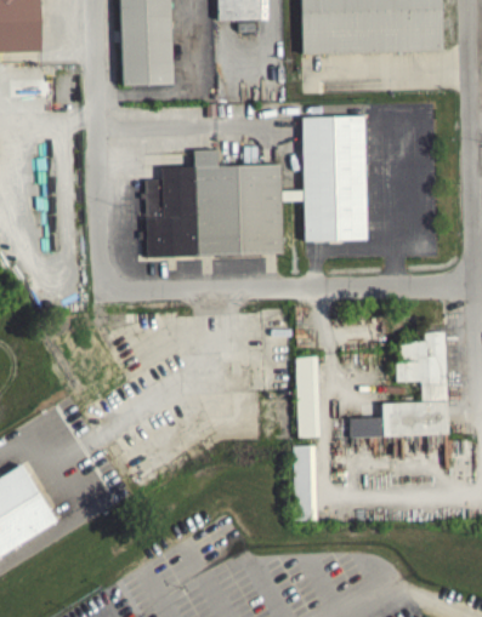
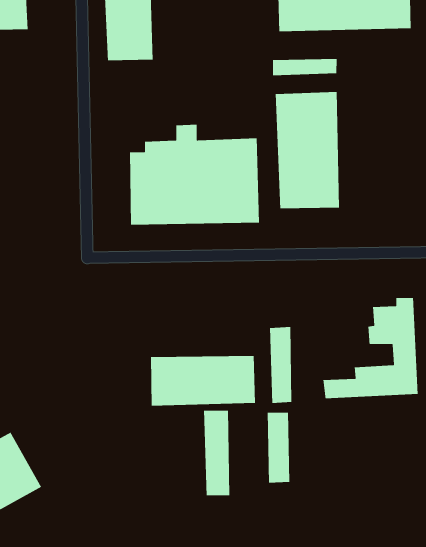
building: none -> [272,58,337,76]
building: none -> [150,355,256,407]
building: none -> [203,410,230,496]

